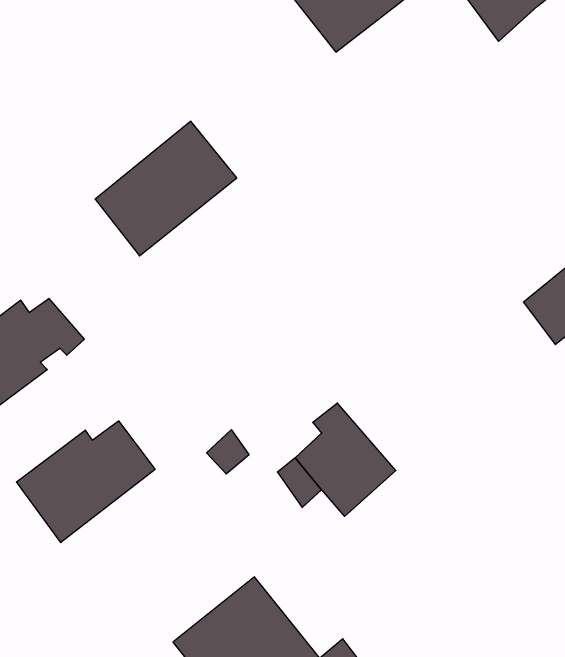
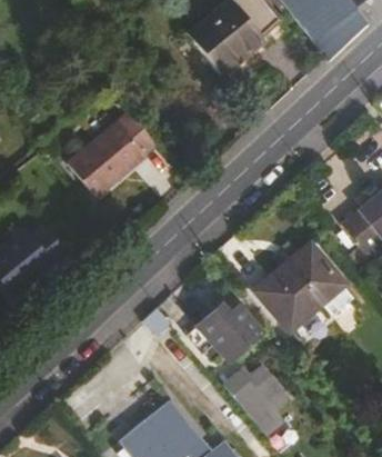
building: none -> [255,246,340,328]
building: [16,421,155,543] -> none
building: none -> [222,367,278,419]

